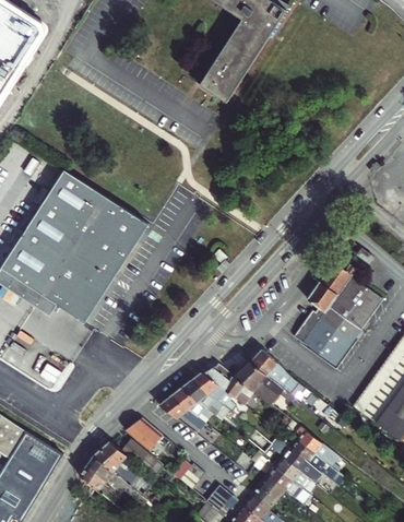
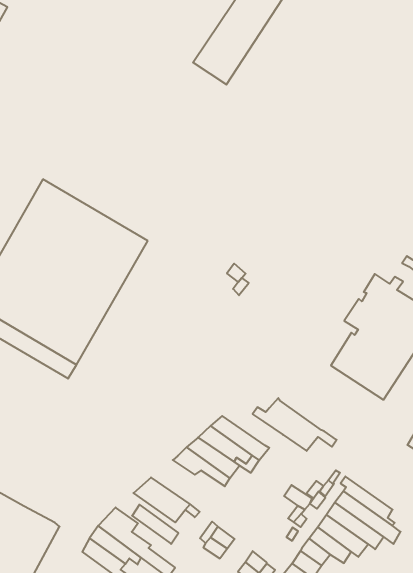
building: [249,349,305,398] -> none
building: [201,365,250,399] -> none

